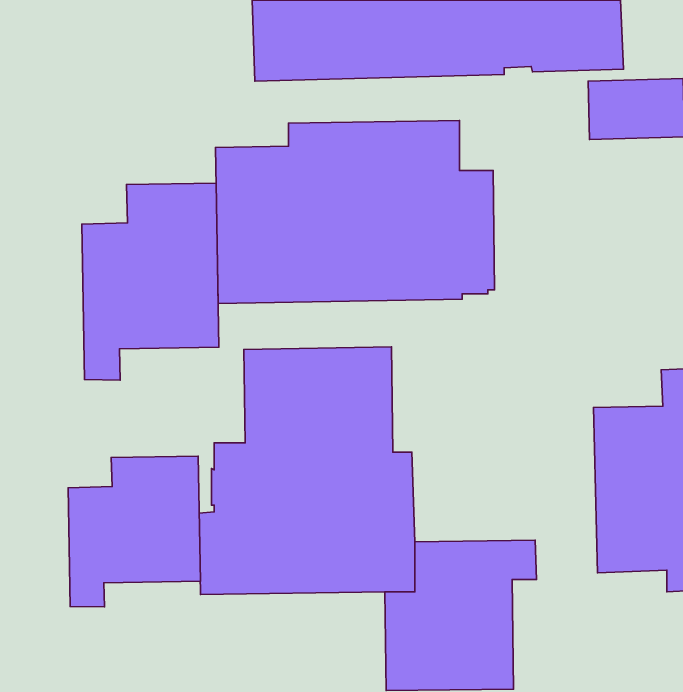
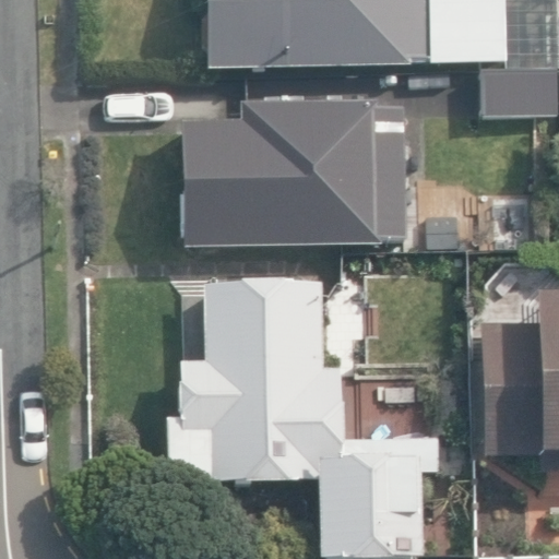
building: [82,183,219,380] -> none
building: [68,456,200,607] -> none

